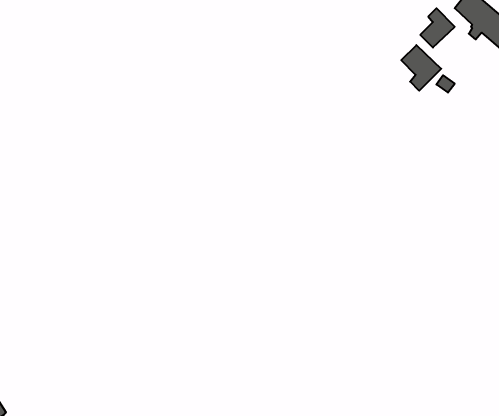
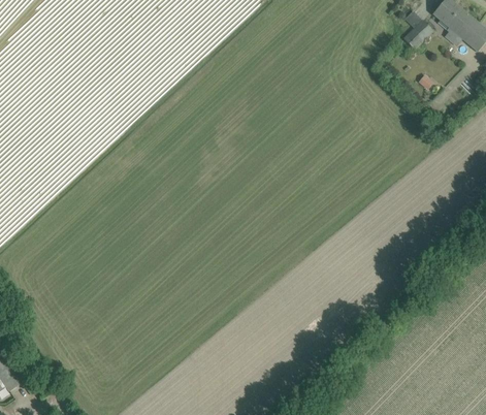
building: [401,45,441,91] -> none

